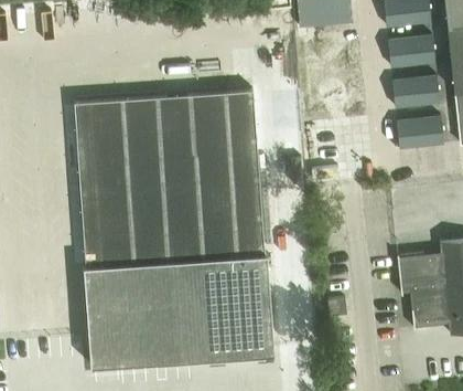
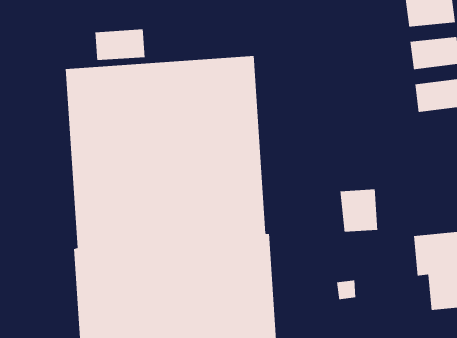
building: none -> [95,29,145,61]
building: none -> [340,189,378,233]

